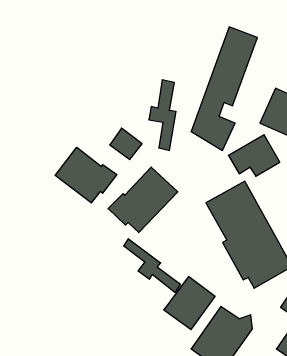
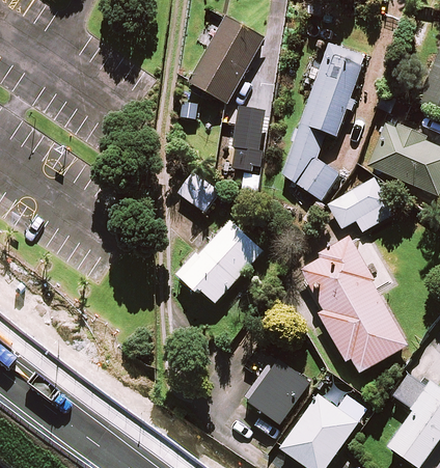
building: none -> [187,17,264,102]
building: [55,147,117,203] -> none
building: [124,239,181,292] -> none

